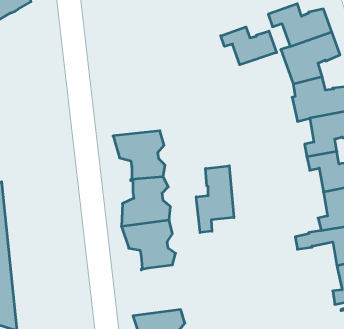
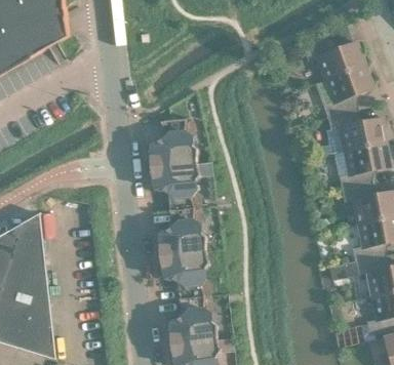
building: [221,27,277,65] -> none
building: none -> [149,118,196,167]
building: [196,166,234,233] -> none
building: none -> [168,294,215,344]

